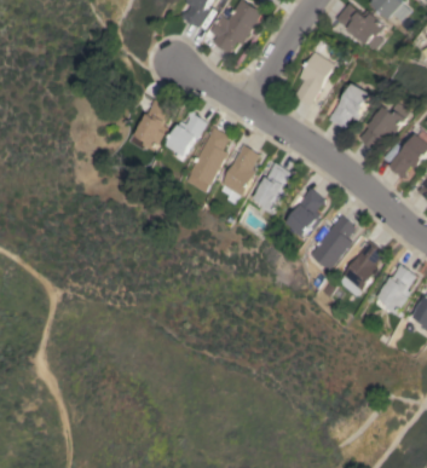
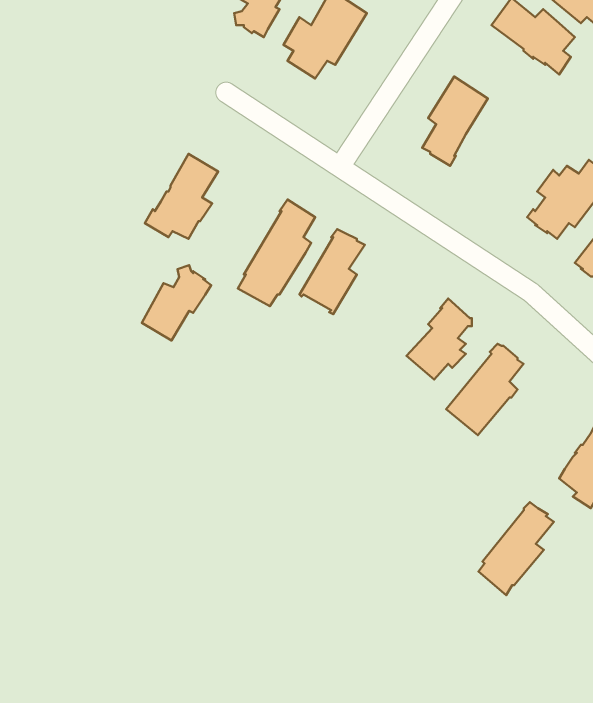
building: [328,83,370,128] -> none
building: [163,110,206,156] -> [142,265,211,341]
building: [253,161,292,214] -> none
building: [337,239,383,296] -> [478,502,554,595]

